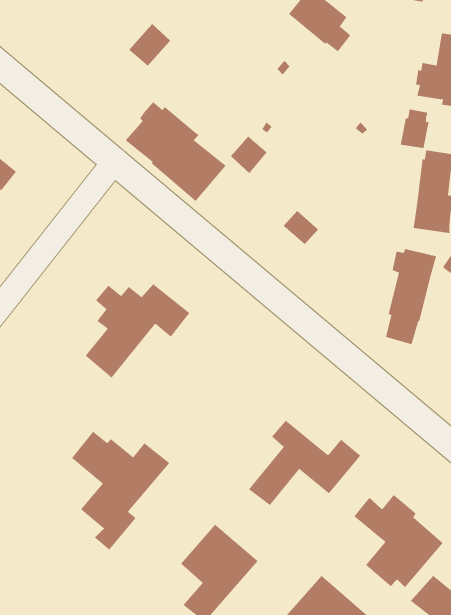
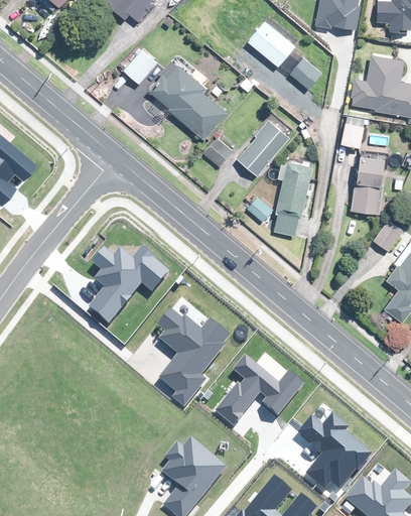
building: none -> [290,56,321,88]
building: [125,102,227,202] -> [149,59,229,138]
building: none -> [239,118,290,173]
building: [385,248,437,345] -> [274,159,314,235]
building: [71,431,170,550] -> [154,313,232,407]

